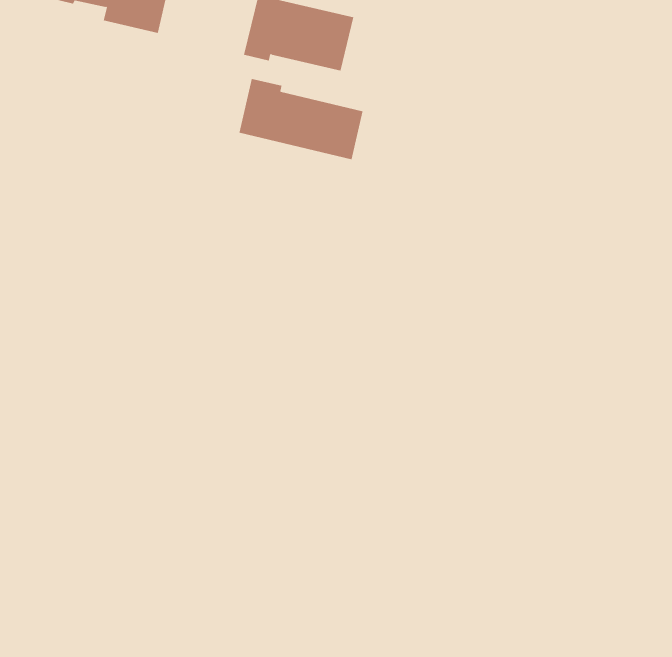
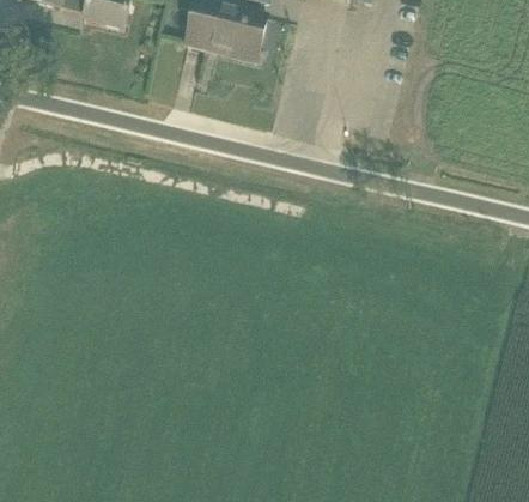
building: [239,78,363,160] -> none

